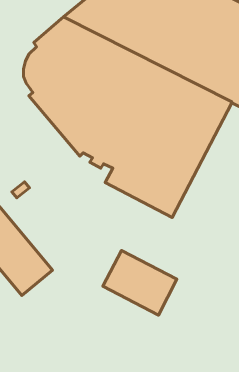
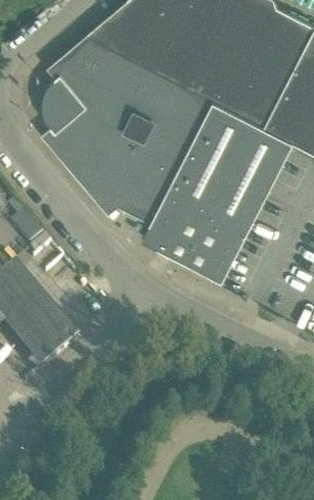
building: [103,250,177,315] -> none

